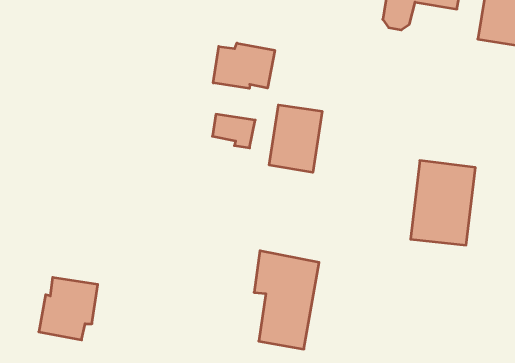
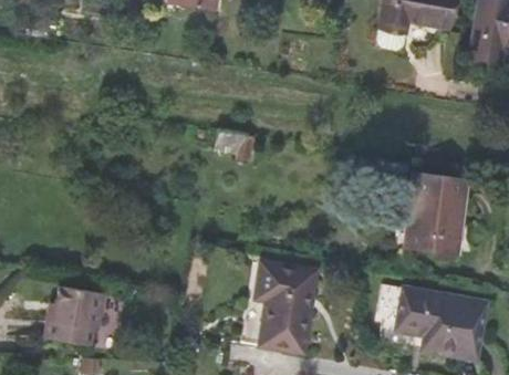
building: [213,43,275,88] -> none
building: [269,105,322,172] -> none
building: none -> [396,287,486,360]

